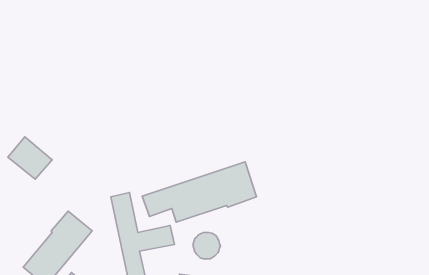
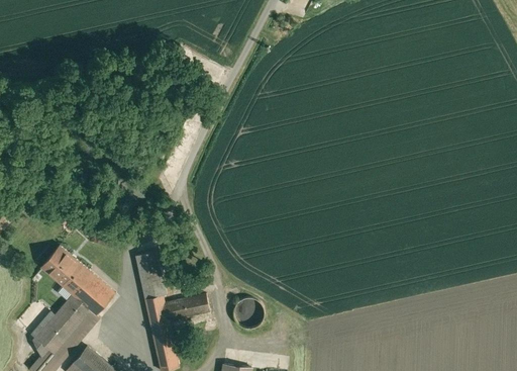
building: [8,137,52,179] -> [33,247,86,297]
building: [142,162,256,222] -> none

